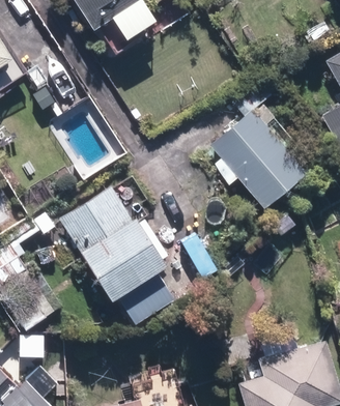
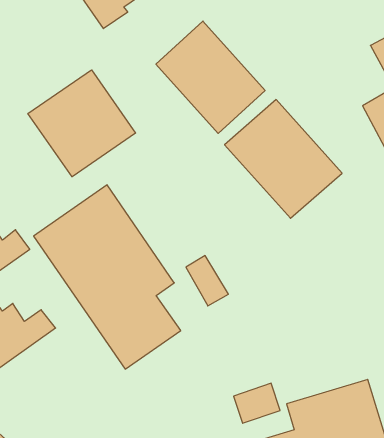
building: none -> [156,21,265,133]
building: none -> [28,70,136,177]

